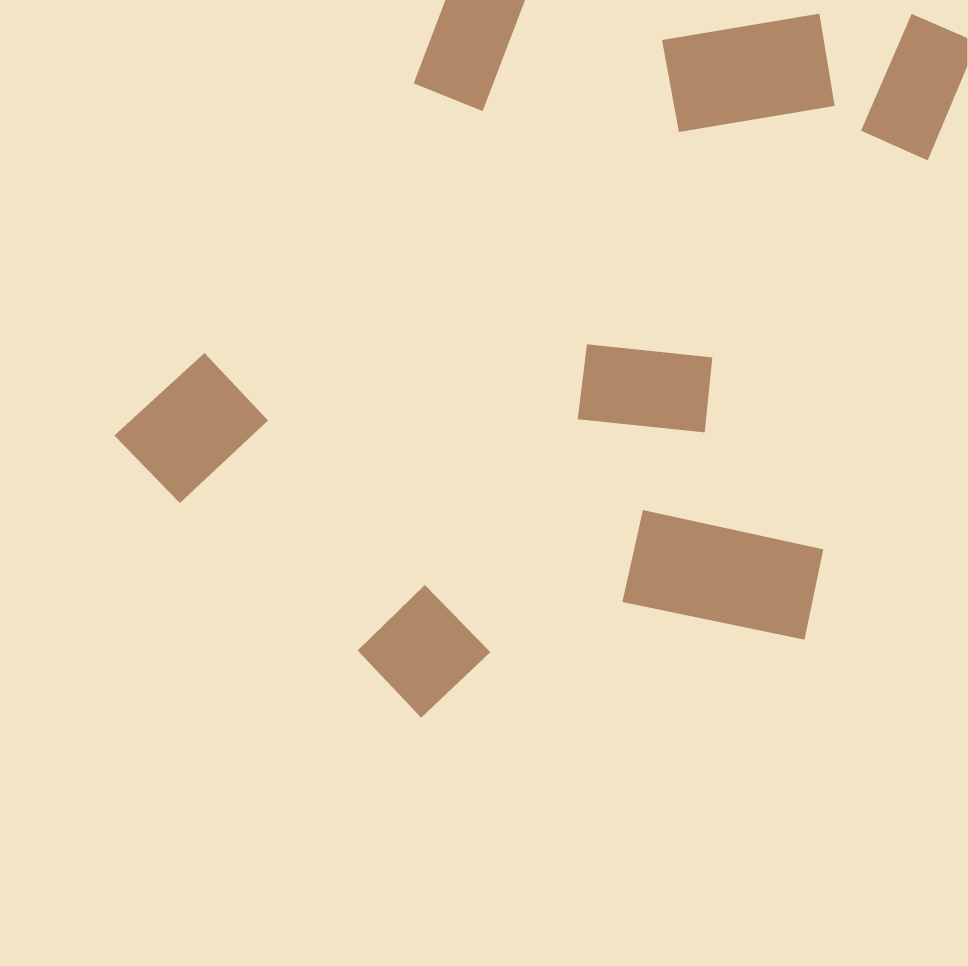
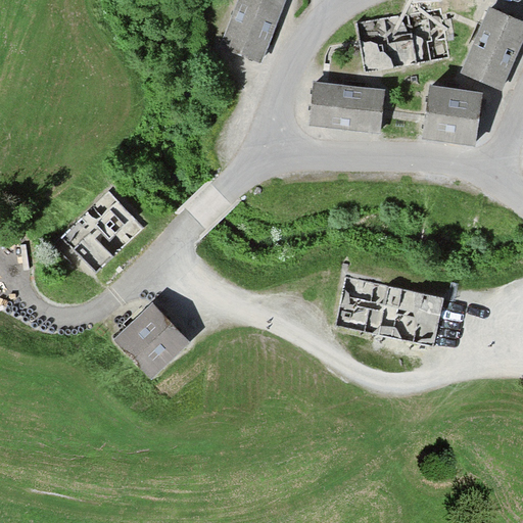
building: none -> [424,85,482,142]
building: [577,344,713,433] -> [311,82,384,130]
building: [357,584,491,719] -> [116,302,189,375]

